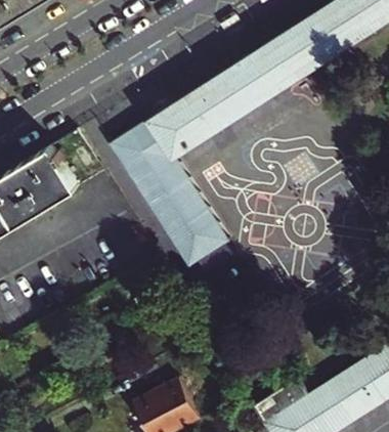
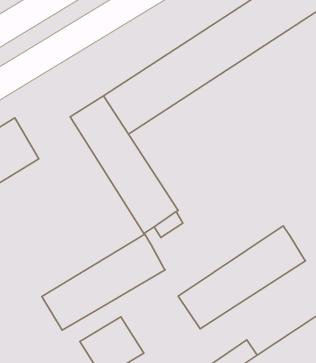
building: none -> [178,226,305,329]
building: none -> [42,234,165,330]

